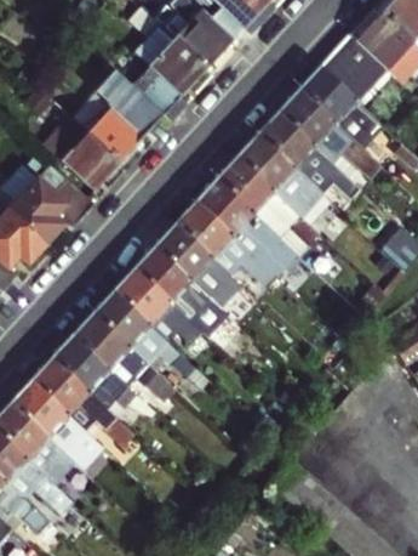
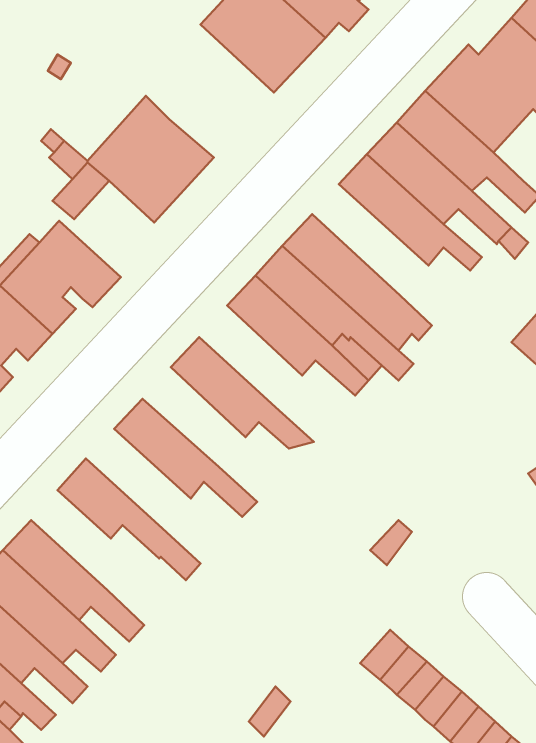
building: [128,8,206,117] -> none
building: [61,134,119,192] -> none
building: [234,136,337,223] -> none
building: [151,225,256,312] -> none
building: [110,270,214,358] -> none
building: [69,314,173,403] -> none
building: [29,359,132,448] -> none

